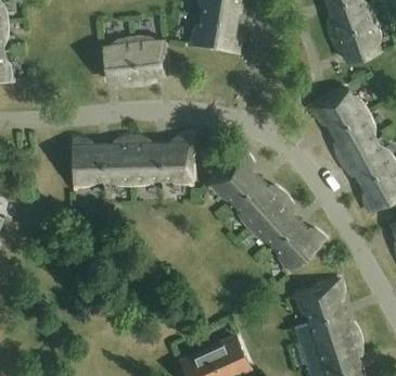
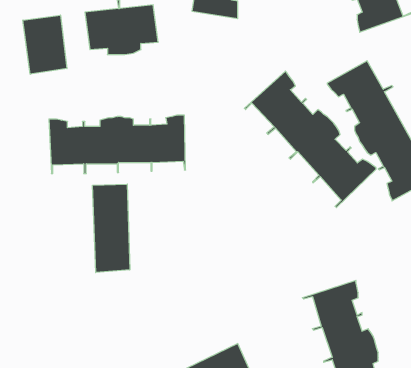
building: none -> [23,15,67,74]
building: [208,154,323,274] -> [244,71,376,208]
building: none -> [93,184,130,273]

